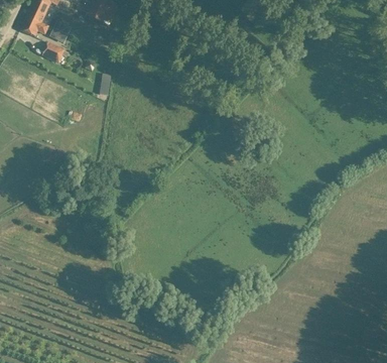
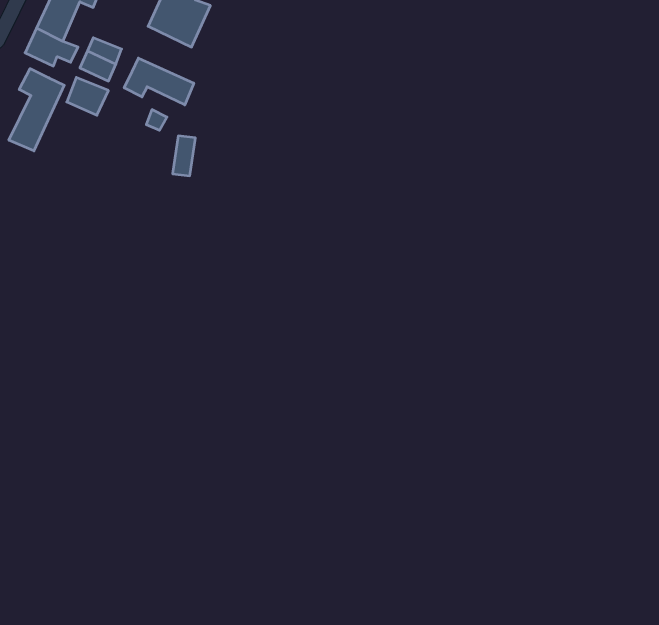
building: none -> [124,58,194,105]
building: none -> [9,69,64,151]

